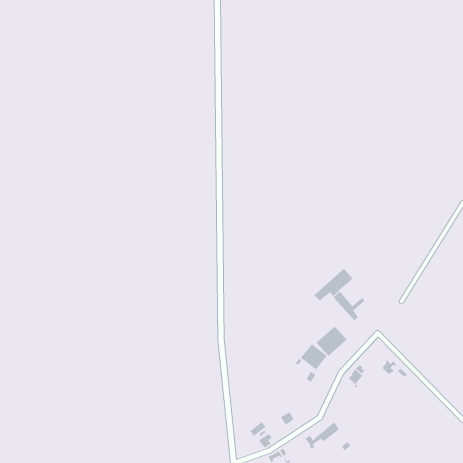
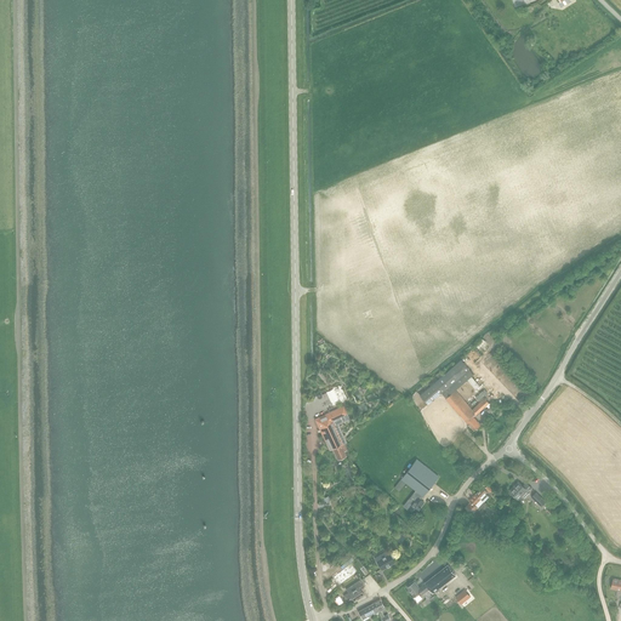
building: none -> [315,405,347,458]
building: [316,326,348,357] -> none

